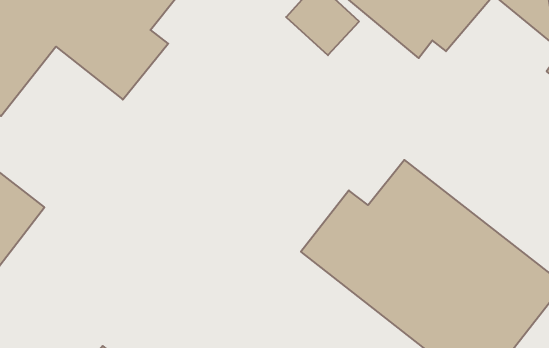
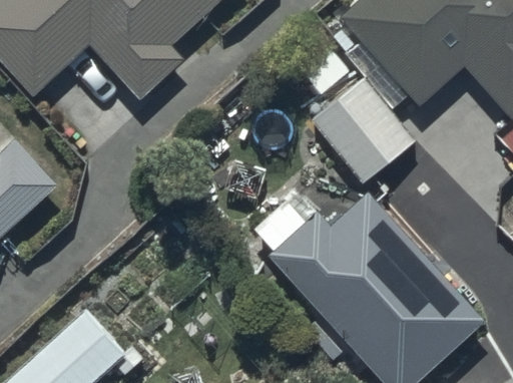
building: none -> [312,79,416,185]

